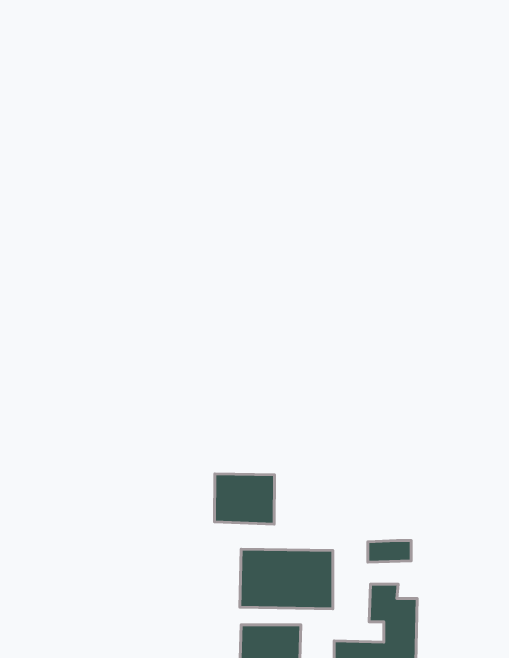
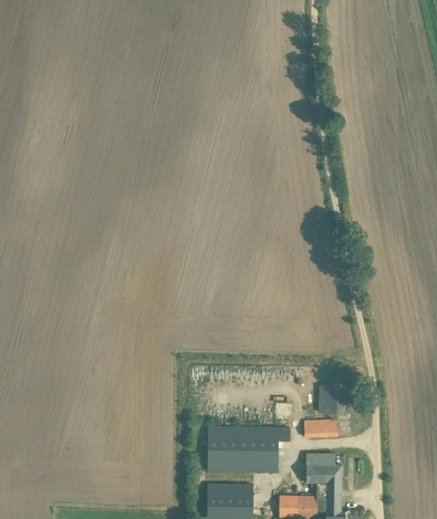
building: [215,474,275,524] -> none
building: none -> [318,386,344,414]

